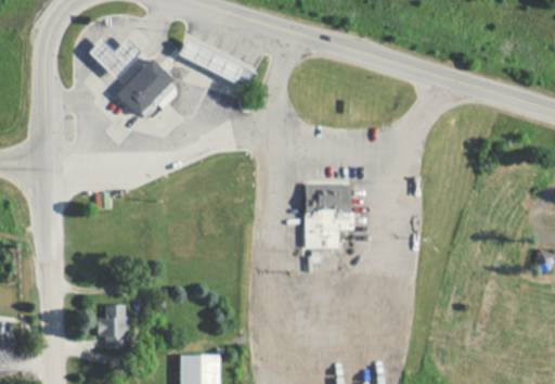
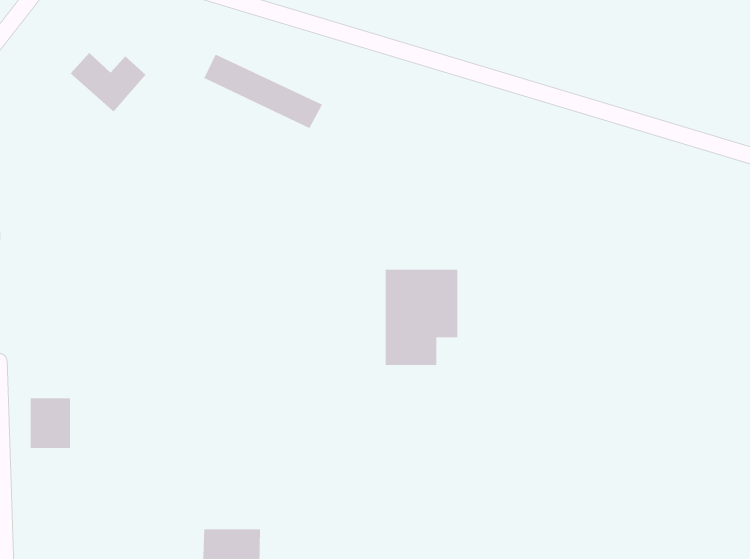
building: [120,60,175,116] -> none
building: [99,307,126,341] -> [30,398,71,448]

